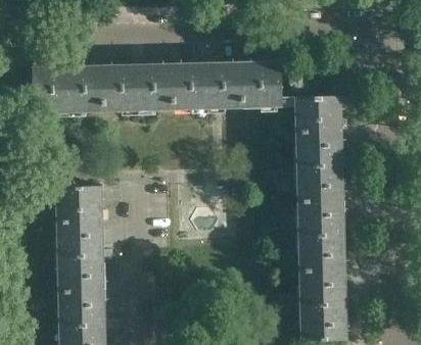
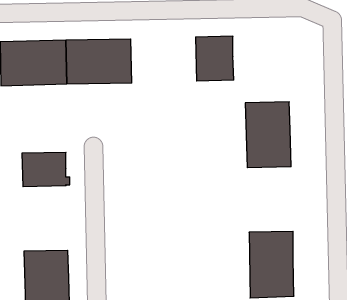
building: [173,61,243,110] -> none
building: [295,95,346,132] -> none
building: [297,200,346,270] -> none
building: [57,220,105,291] -> none

